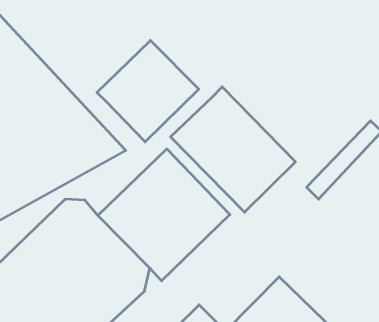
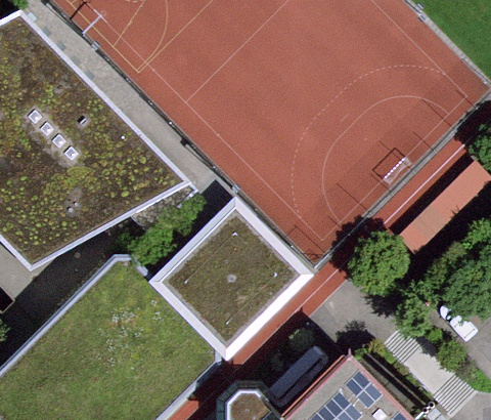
building: [97,40,199,142] -> none
building: [171,87,295,212] -> none

